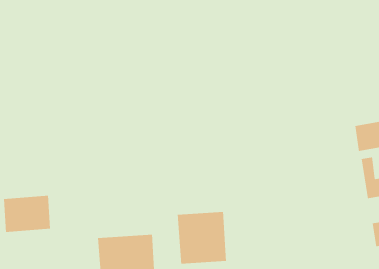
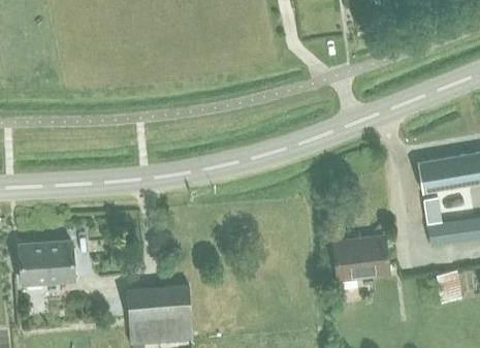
building: none -> [332,235,388,278]
building: [177,211,227,264] -> none

